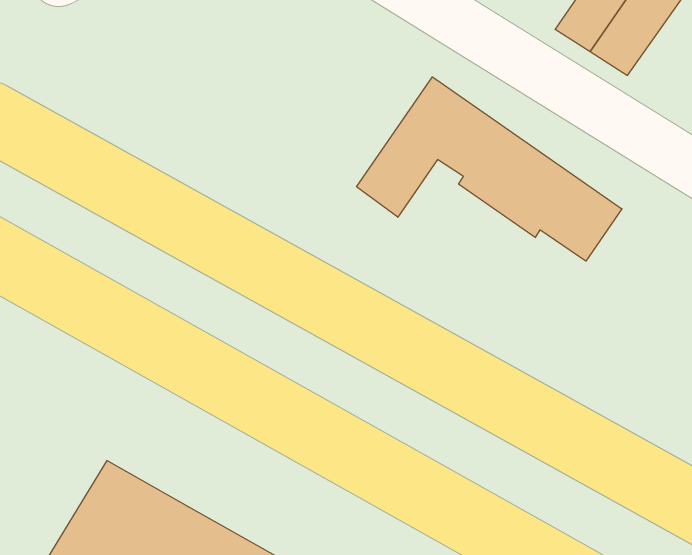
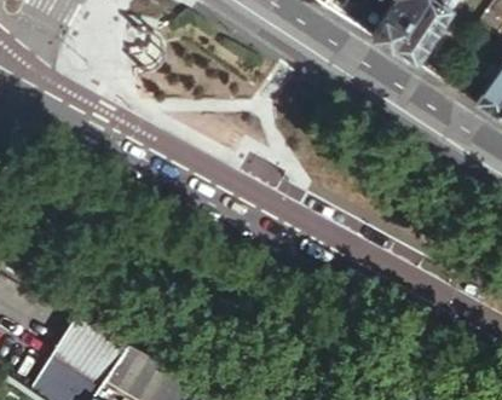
building: [357,77,622,261] -> none

